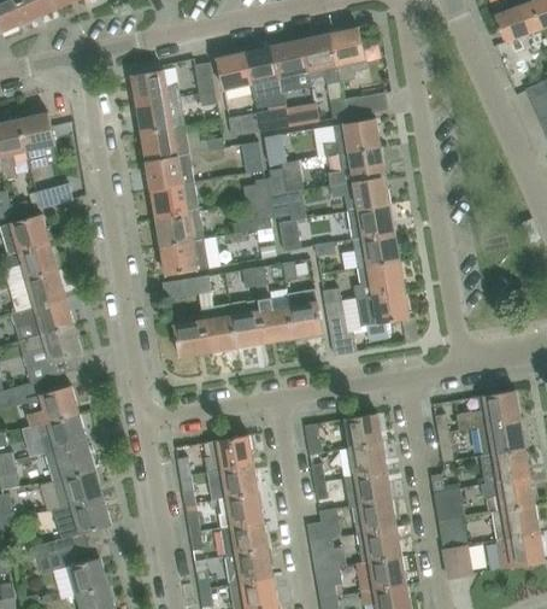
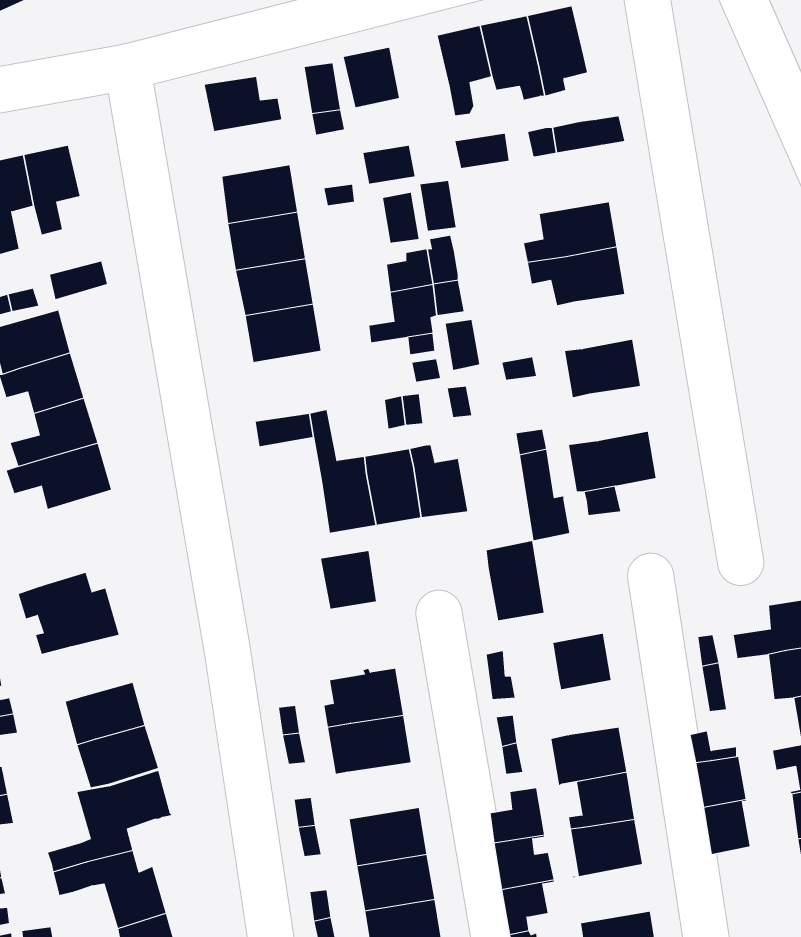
building: [245,45,284,101] -> none
building: [136,96,183,131] -> none
building: [322,118,380,156] -> none
building: [347,204,394,239] -> none
building: [160,239,208,275] -> none
building: [352,260,404,297] -> none
building: [286,288,322,338] -> [486,540,545,621]
building: [172,320,207,356] -> [320,550,377,609]
building: [18,324,81,381] -> none
building: [36,414,87,455] -> none
building: [349,441,386,475] -> none
building: [217,492,263,527] -> none
building: [442,544,471,578] -> none
building: [357,555,405,591] -> none

